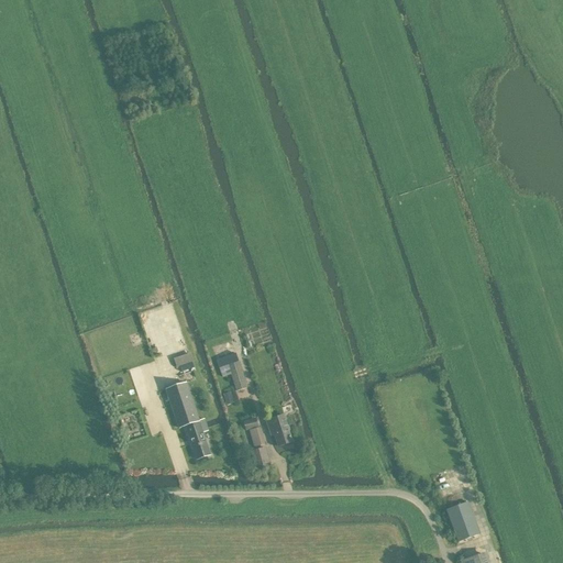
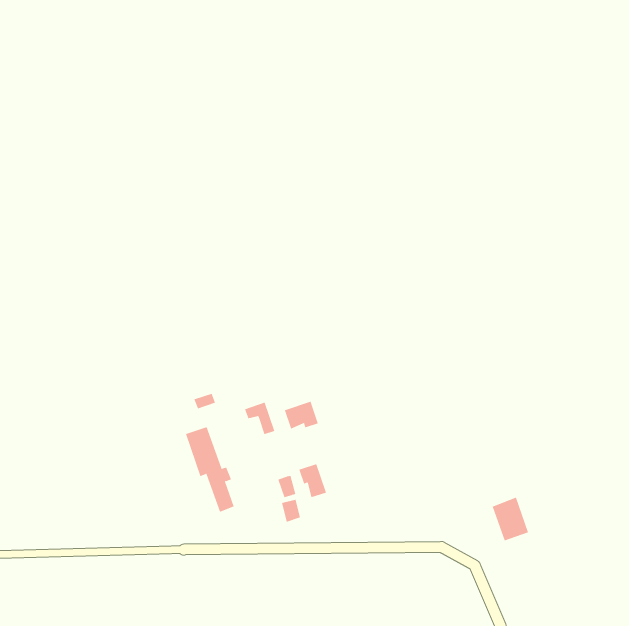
building: none -> [284,401,319,429]
building: [445,499,478,539] -> [492,497,529,541]

